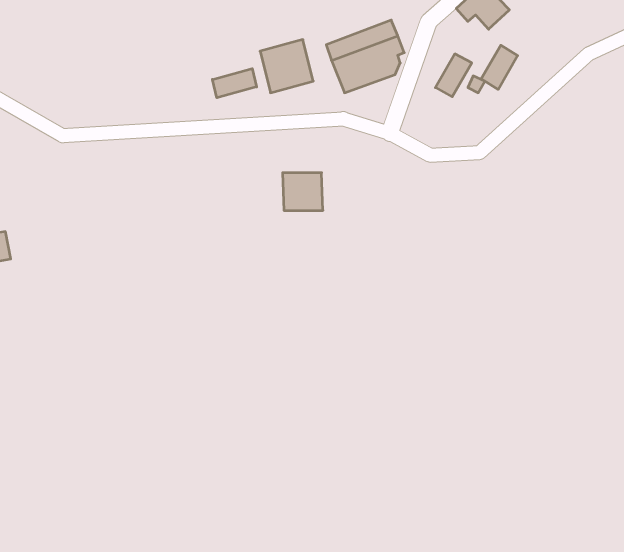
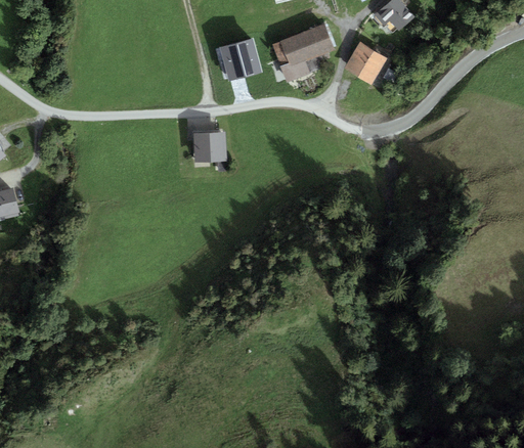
building: [481,45,518,89] -> [344,42,373,77]
building: [212,69,257,98] -> none
building: [283,173,323,210] -> [192,131,224,161]

